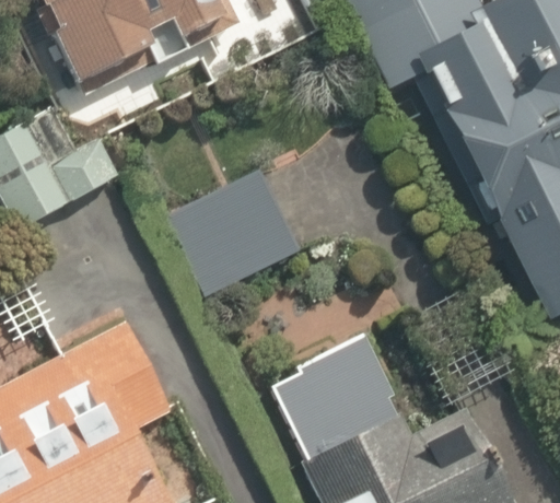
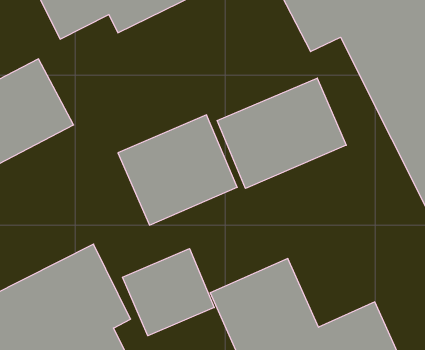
building: none -> [217,78,346,188]
building: none -> [122,249,214,336]

